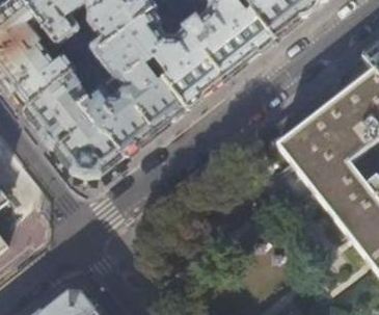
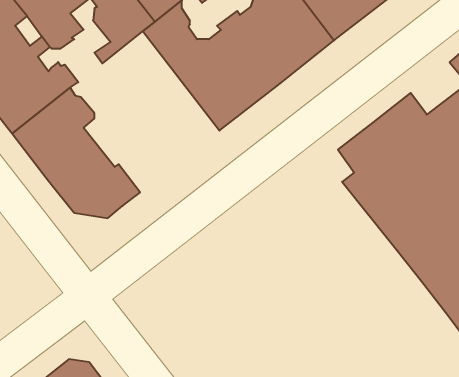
building: [80,30,185,155] -> none

